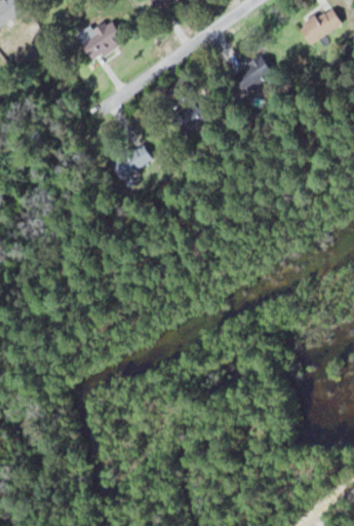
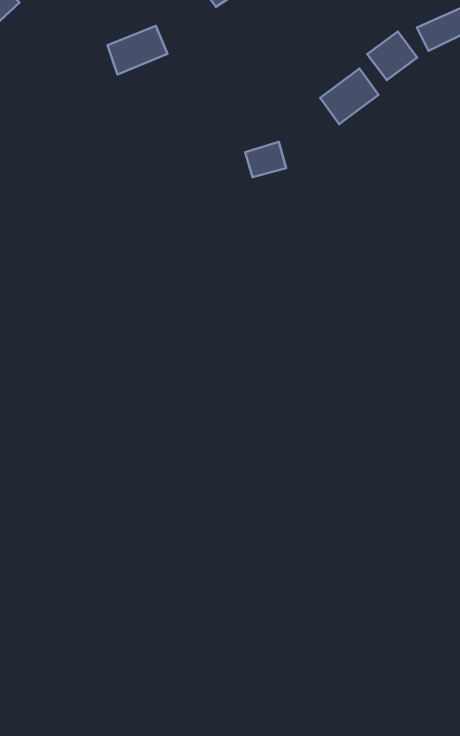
building: none -> [367,32,417,80]
building: [109,141,152,180] -> none

